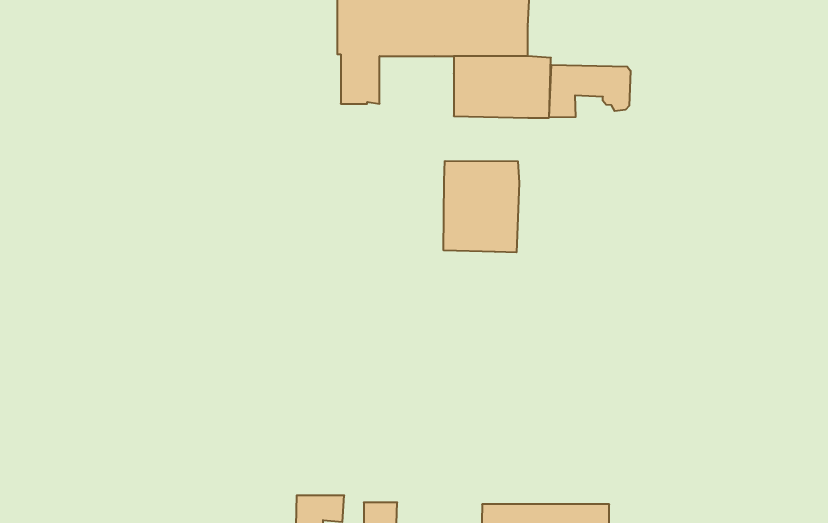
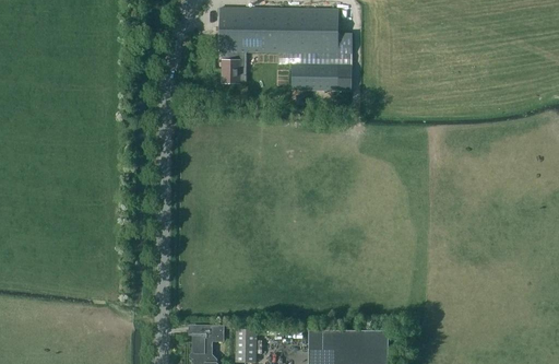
building: [549,65,631,118] -> none
building: [444,161,519,252] -> none

